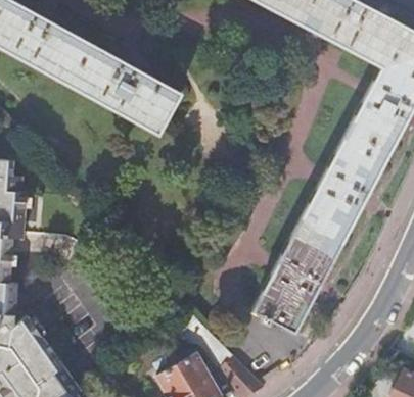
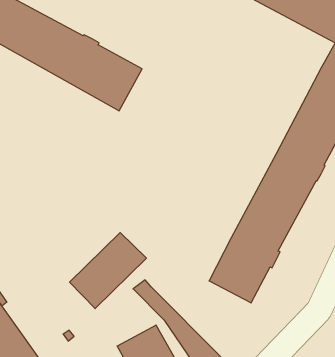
building: none -> [70,233,146,309]

